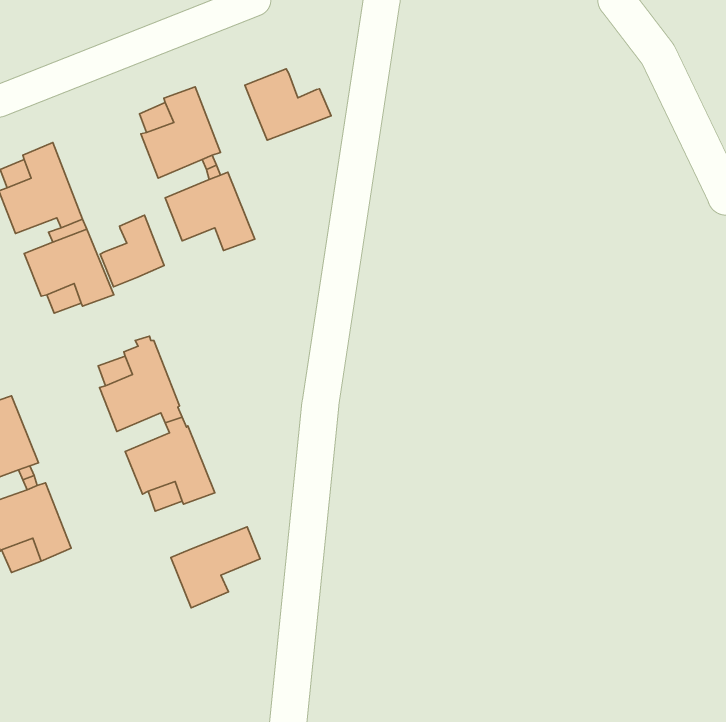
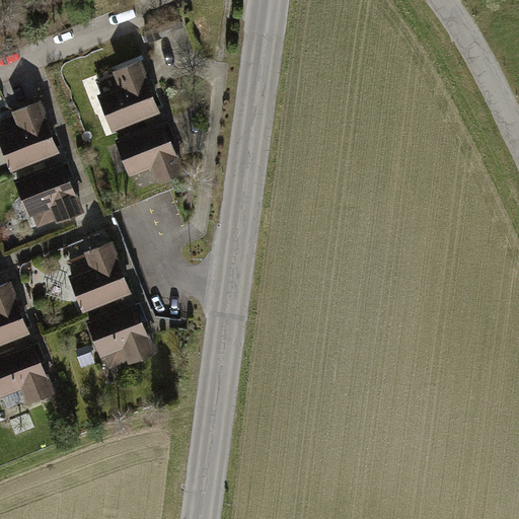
building: [245,69,331,140] -> none
building: [100,215,164,287] -> none
building: [171,527,260,608] -> none

